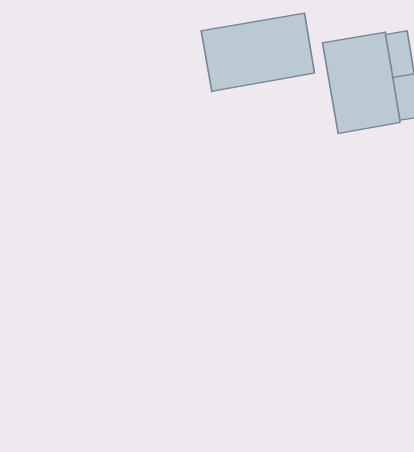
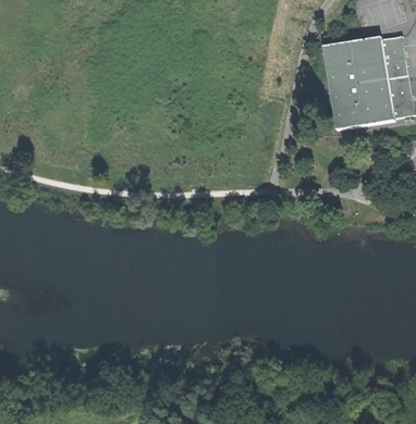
building: [201,13,315,92] -> none

